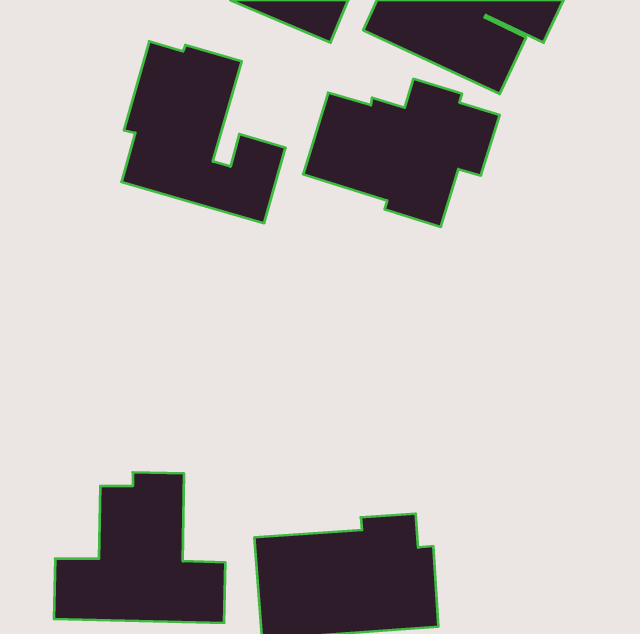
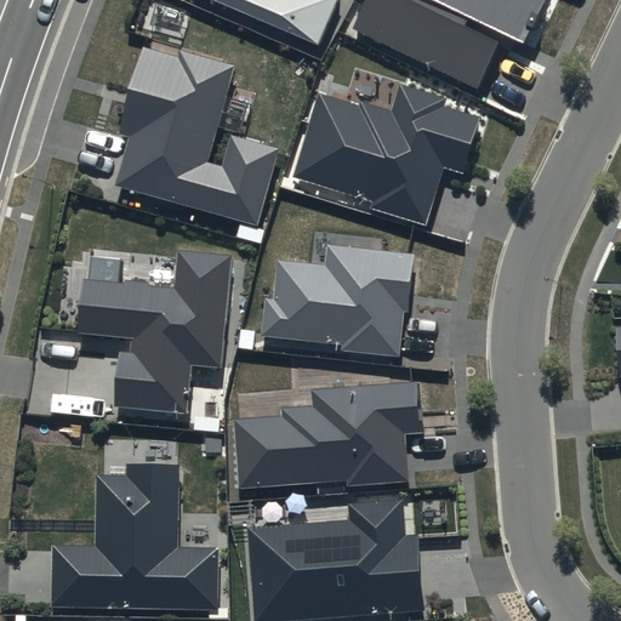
building: none -> [74,241,230,408]
building: none -> [262,244,417,357]
building: none -> [233,378,422,486]

